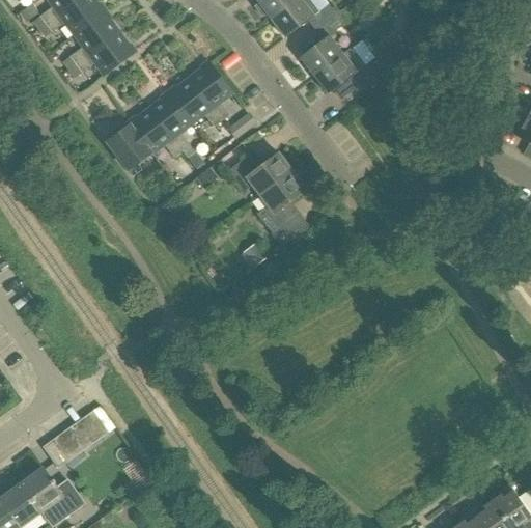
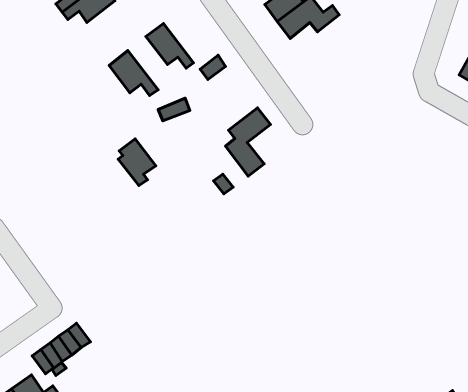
building: [189,61,233,120] -> none
building: [149,91,193,150] -> none
building: [110,123,151,175] -> [118,139,156,186]
building: [226,151,292,195] -> none

